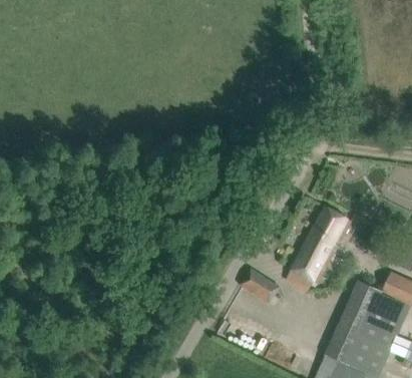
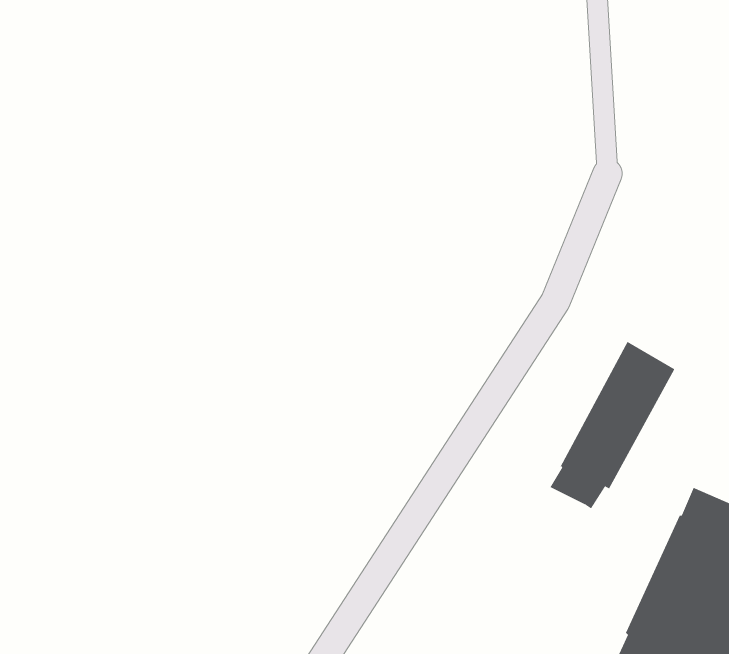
building: [239,271,277,303] -> none

